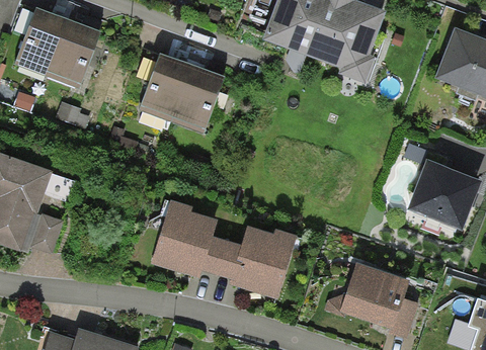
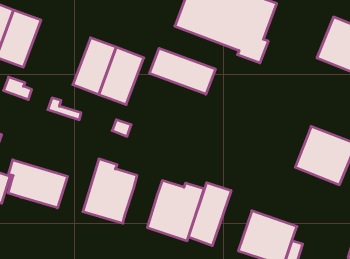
building: none -> [150,48,215,94]
building: none -> [8,160,67,208]
building: none -> [188,183,231,246]
building: [201,235,241,278] -> none

